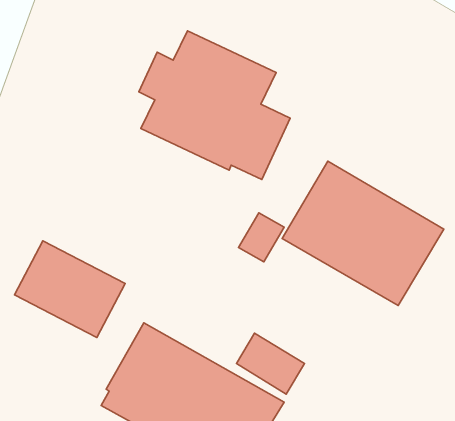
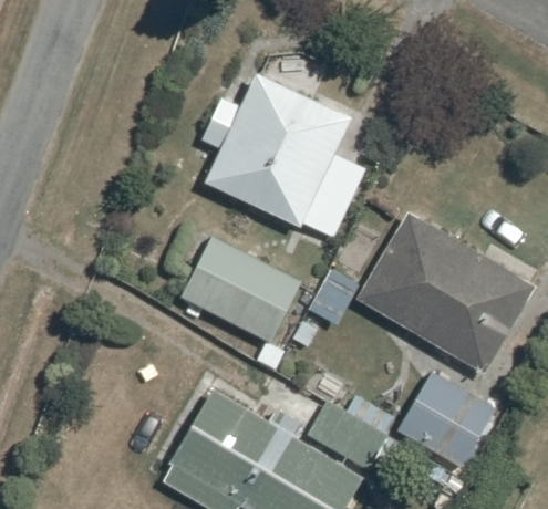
building: [14,241,125,338] -> [180,237,301,342]
building: none -> [400,372,495,465]

